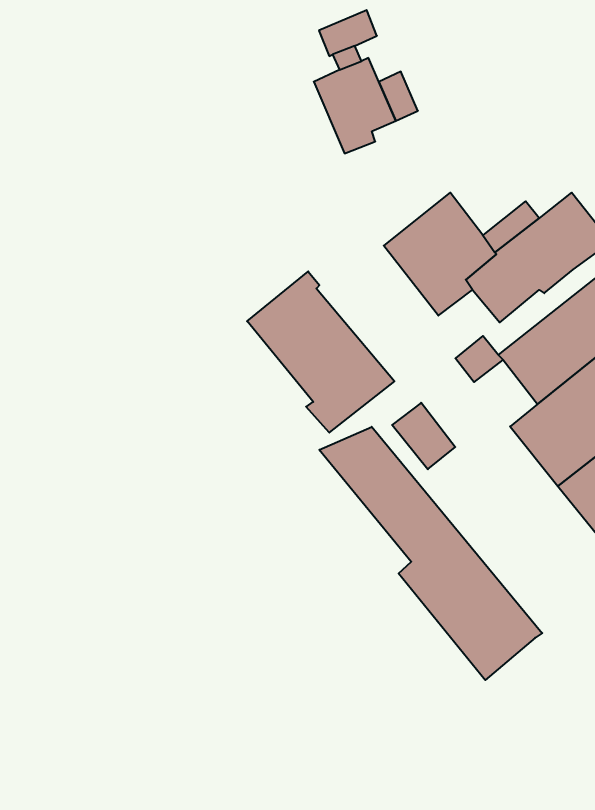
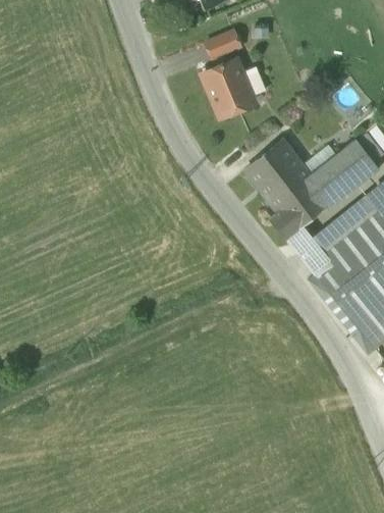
building: [247,271,394,433] -> none
building: none -> [271,198,314,239]
building: [392,403,455,469] -> [298,240,336,279]
building: [319,427,542,680] -> none

